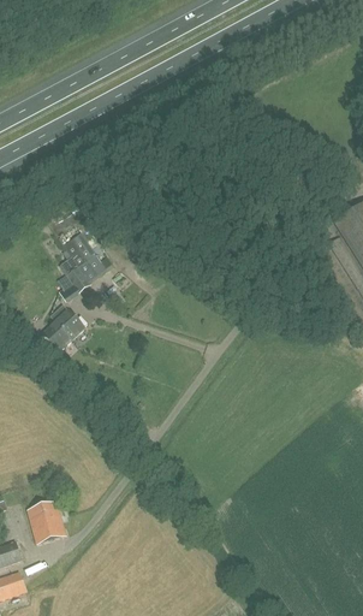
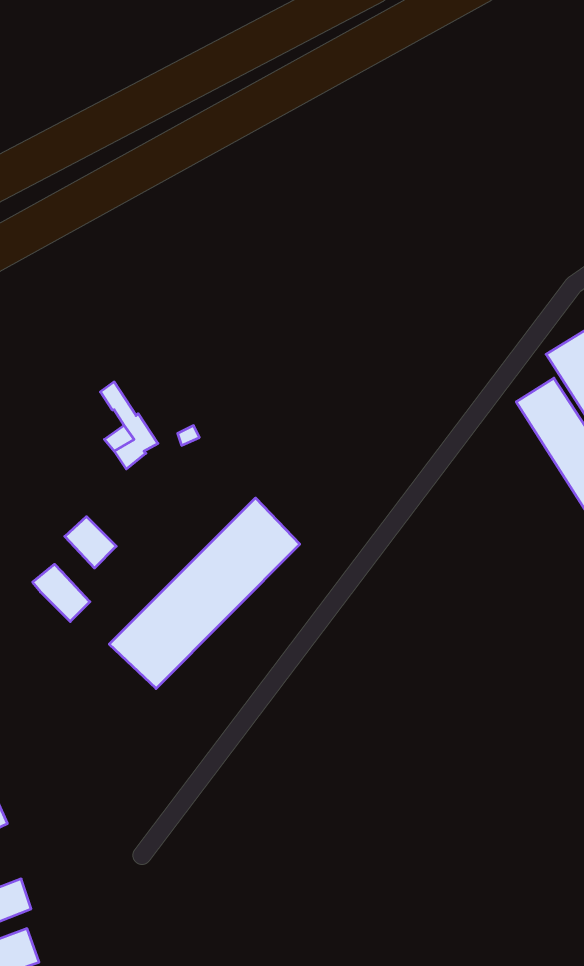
building: [50,302,85,337] -> [33,564,90,622]
building: none -> [109,498,300,689]
building: [28,499,66,541] -> none

